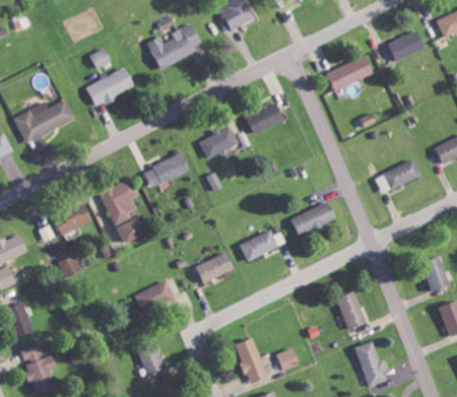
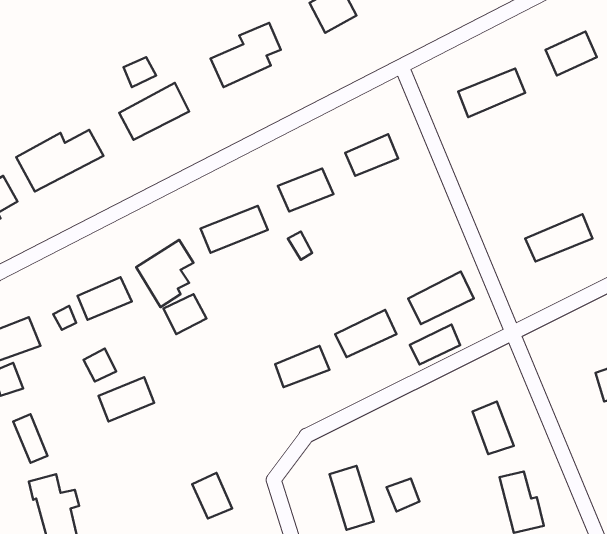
building: none -> [410,325,460,364]
building: [135,280,175,312] -> [98,377,154,421]

